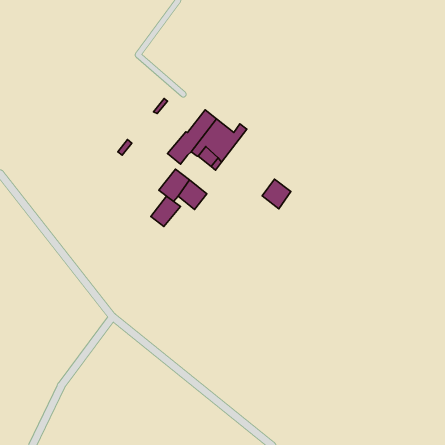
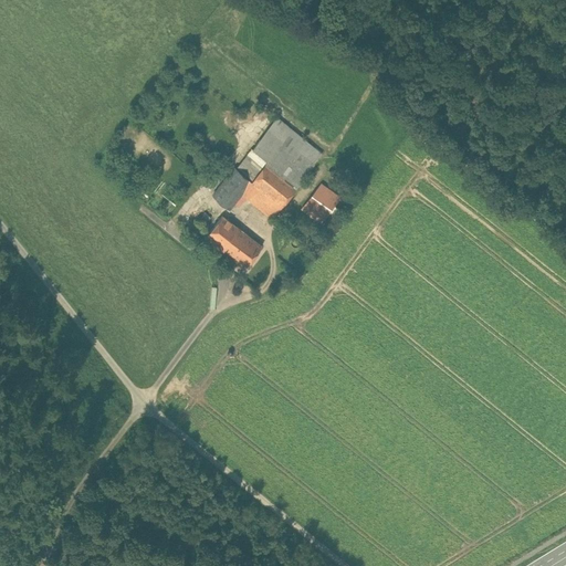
building: none -> [261,119,322,169]
building: [262,179,291,209] -> [303,187,339,224]
building: [151,196,180,226] -> none

